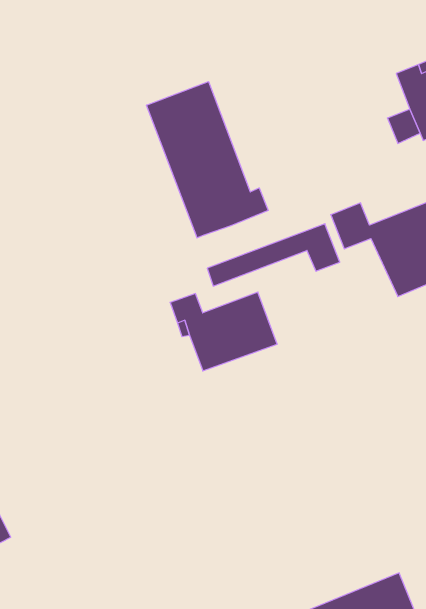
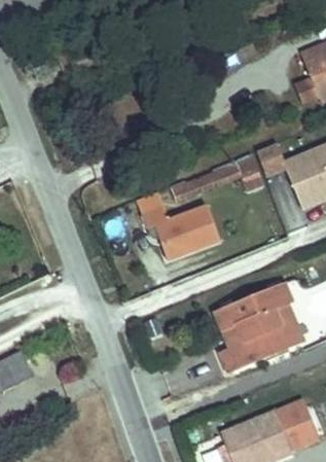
building: [147,82,268,238] -> none
building: none -> [216,283,302,371]

